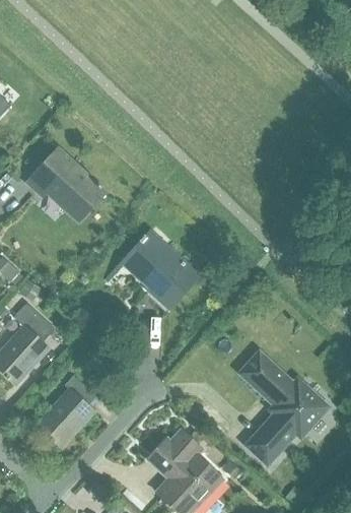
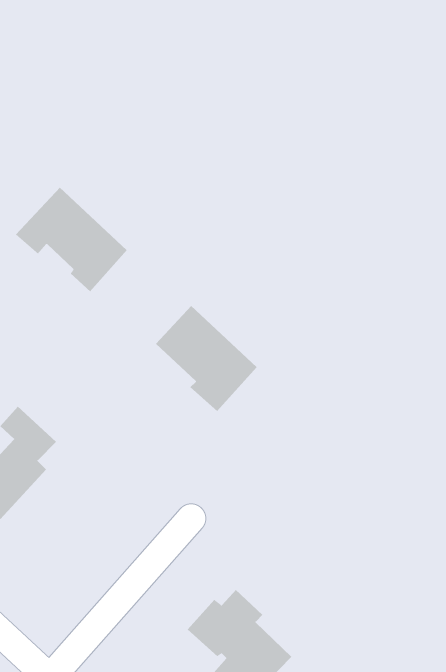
building: [239,352,324,465] -> none
building: [39,376,96,446] -> none

